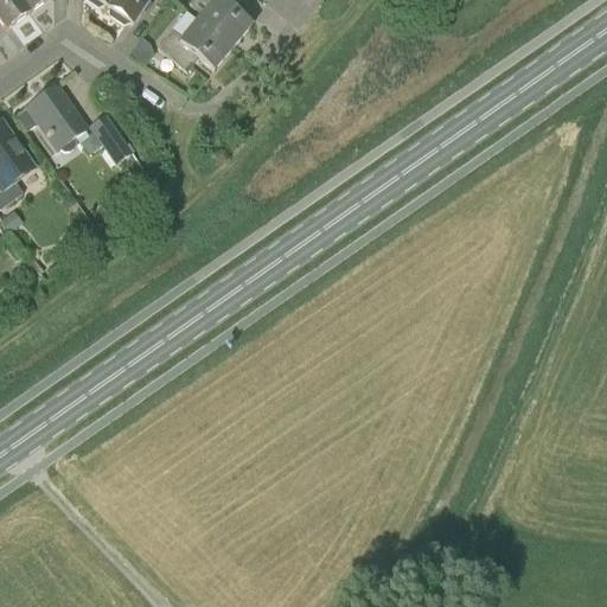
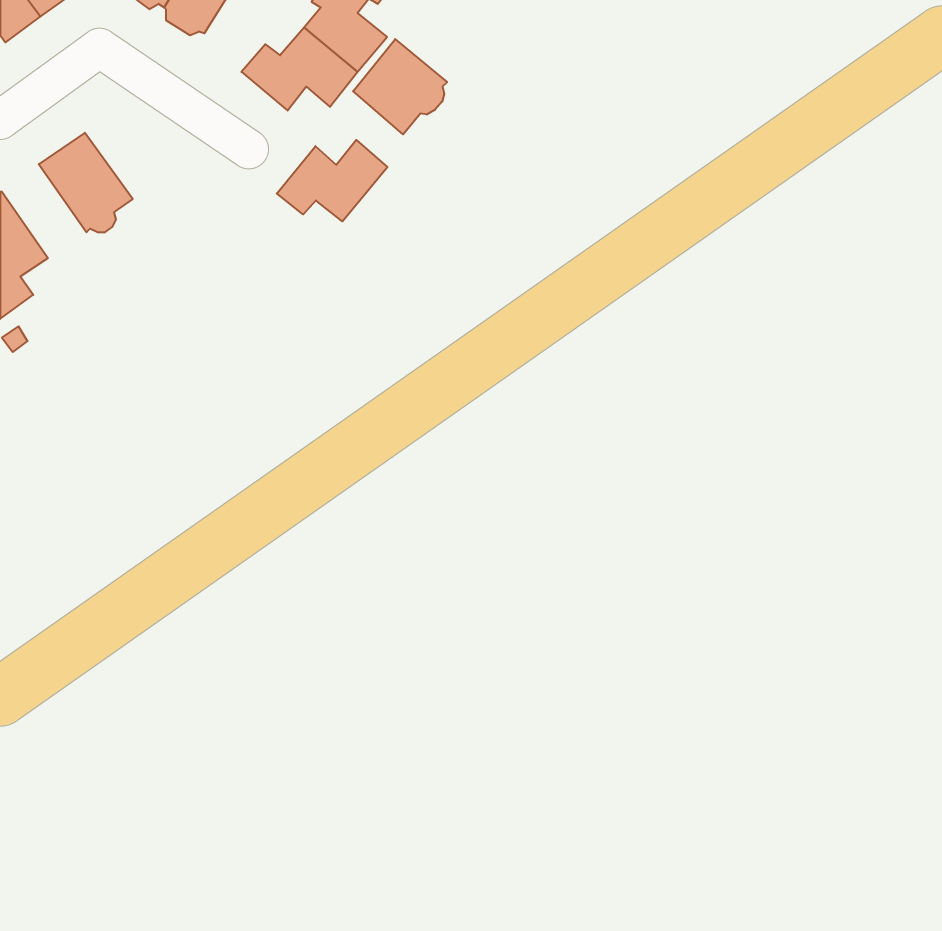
building: none -> [353,39,447,134]
building: none -> [277,140,387,221]
building: [87,113,123,153] -> none

